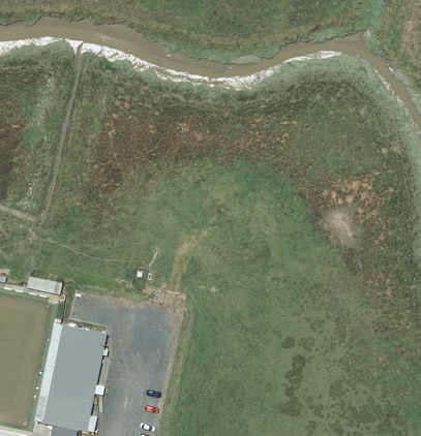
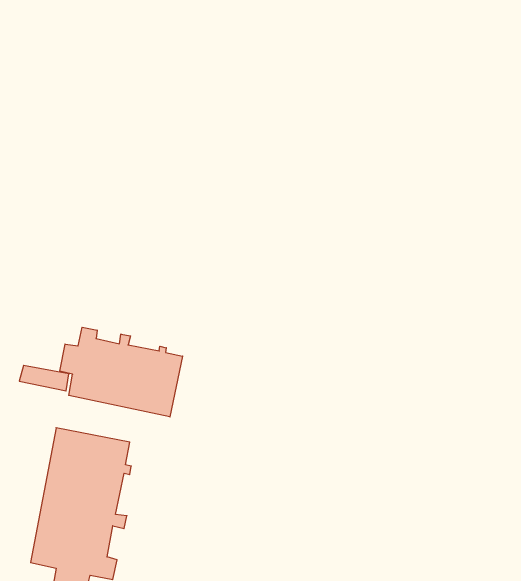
building: none -> [60,327,183,417]

